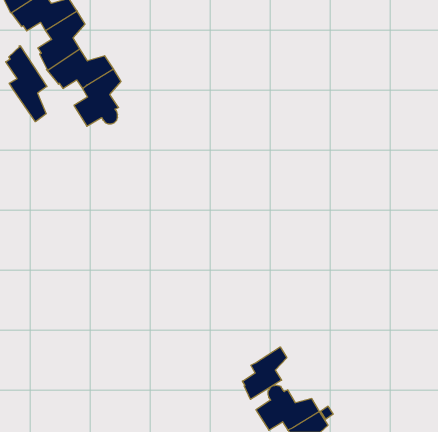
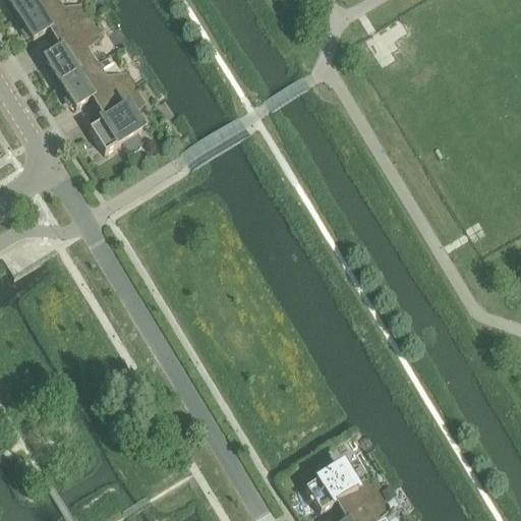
building: [6,46,47,122] -> none
building: [242,347,287,399] -> none

